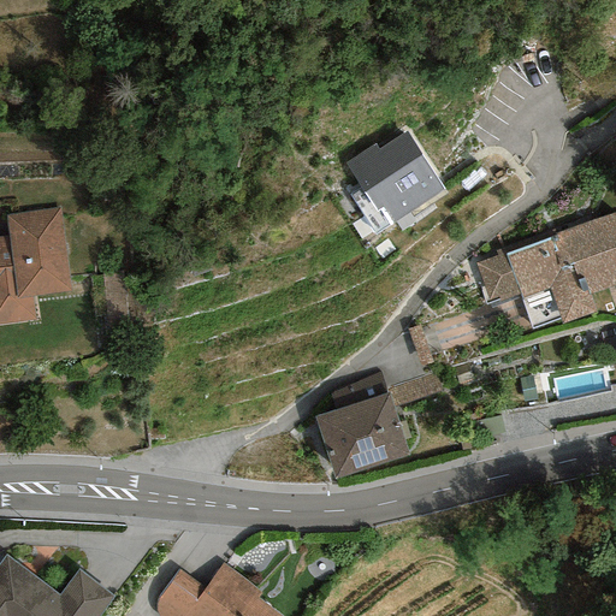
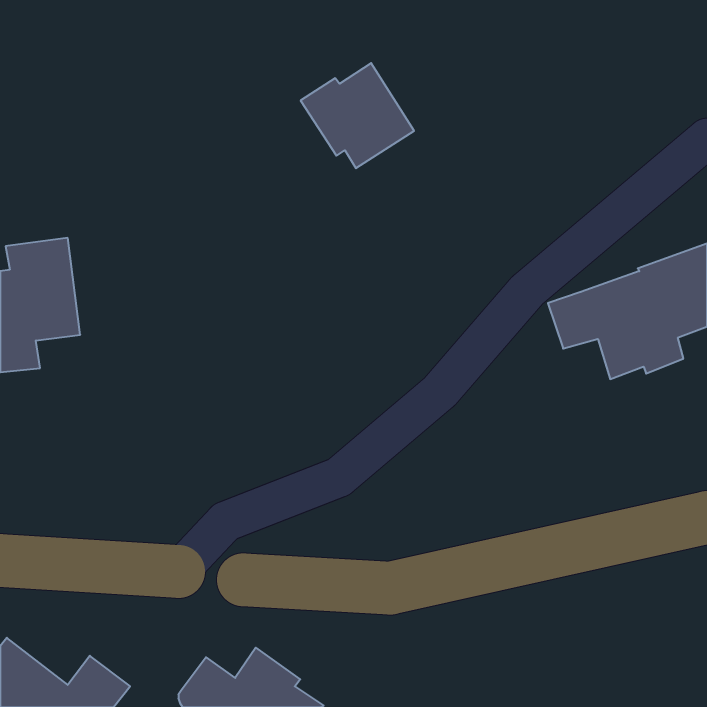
building: [344,131,443,223] -> [301,63,414,168]
building: [314,373,408,479] -> none

